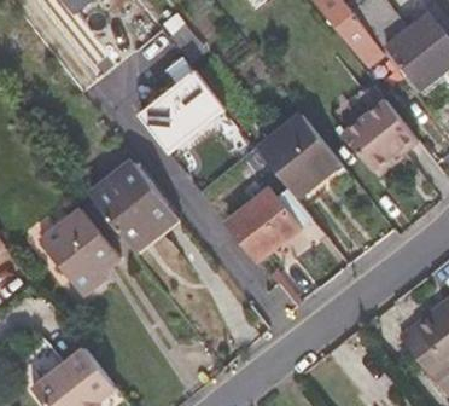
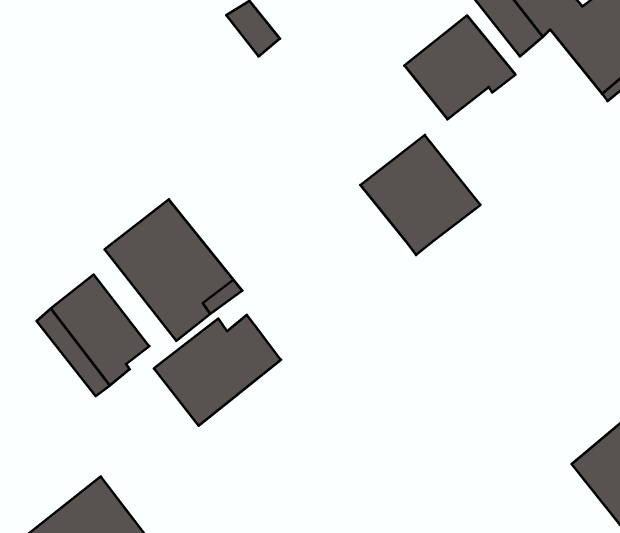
building: [140,69,224,151] -> none
building: [343,98,418,168] -> [404,16,515,119]
building: [226,187,311,262] -> [154,315,281,426]

